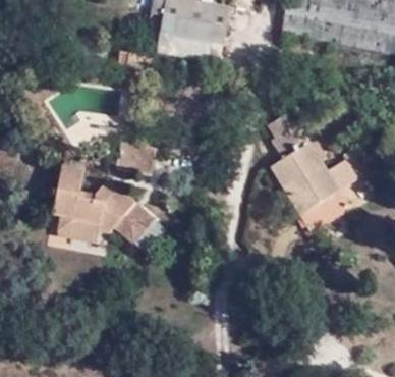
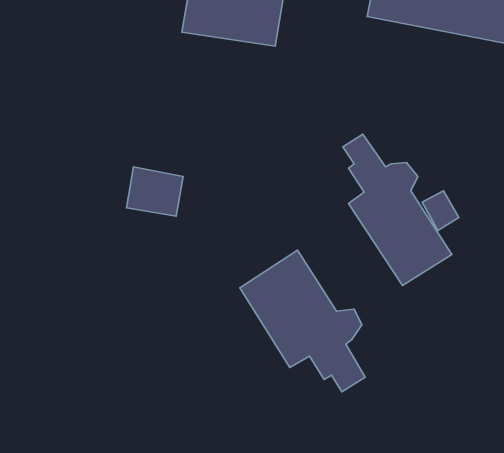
building: [52,167,156,246] -> none
building: none -> [240,250,365,392]

